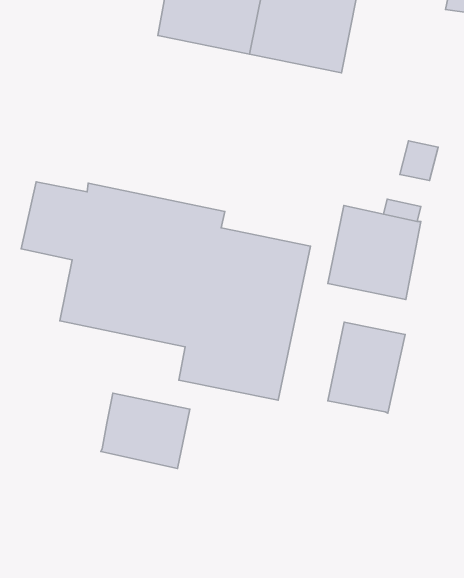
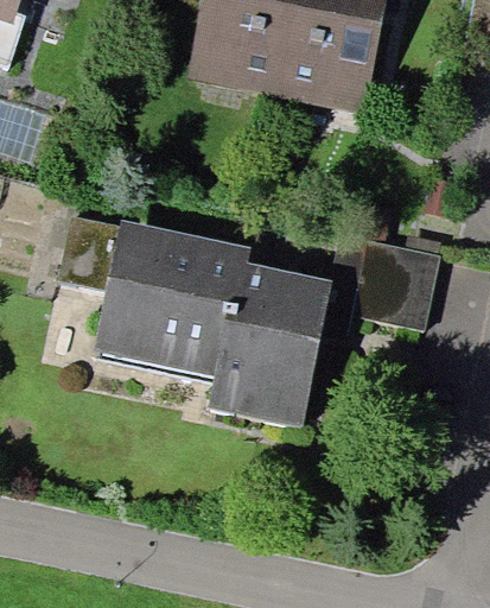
building: [328,322,405,413] -> none
building: [101,393,190,468] -> none

